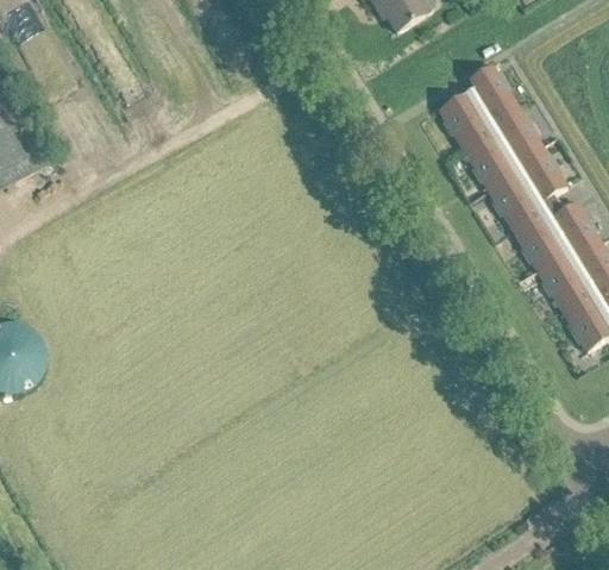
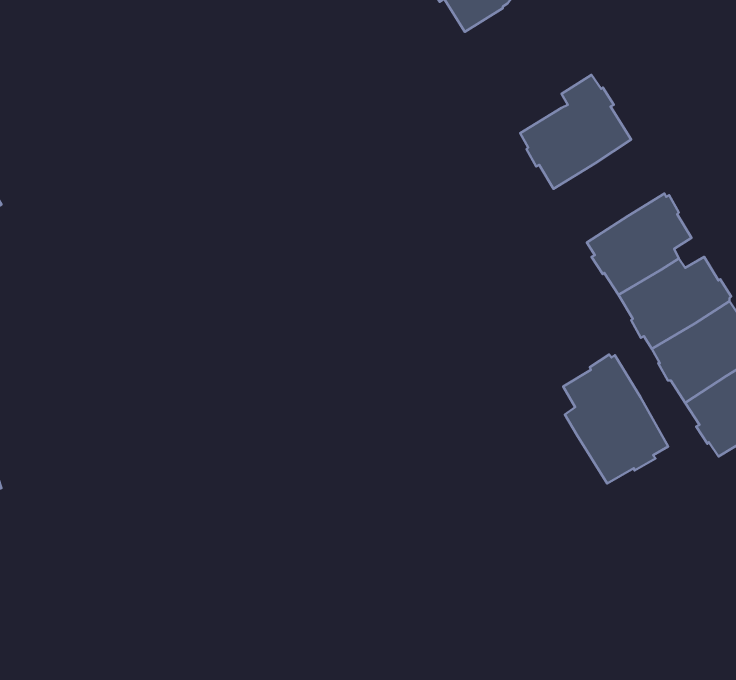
building: [462,112,545,189] -> none
building: none -> [563,354,668,483]

